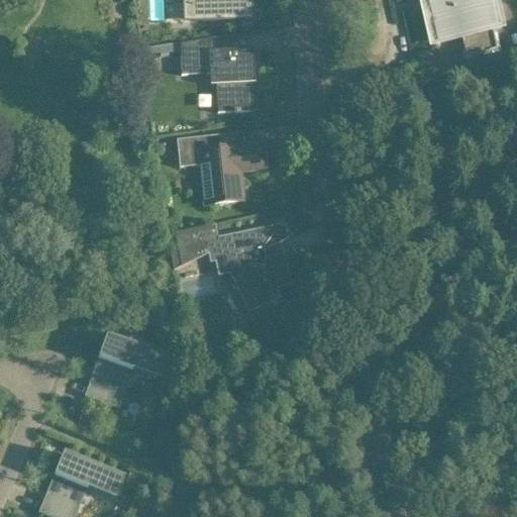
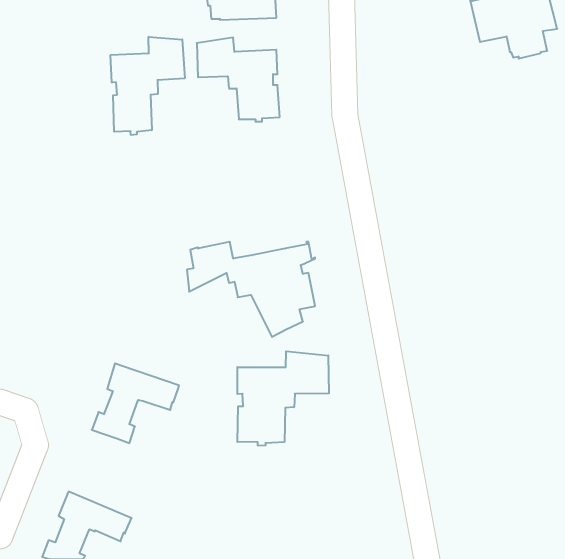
building: none -> [111,37,185,135]
building: [176,131,266,201] -> none
building: none -> [237,351,329,446]

